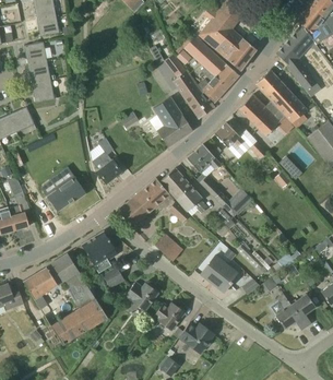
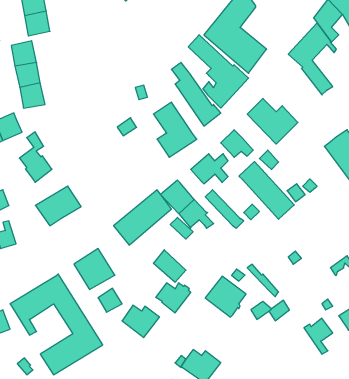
building: [255,70,306,122] -> [239,162,294,219]
building: [92,138,121,183] -> [19,132,52,182]
building: [275,294,306,330] -> none
building: [153,304,185,331] -> [156,283,191,313]

